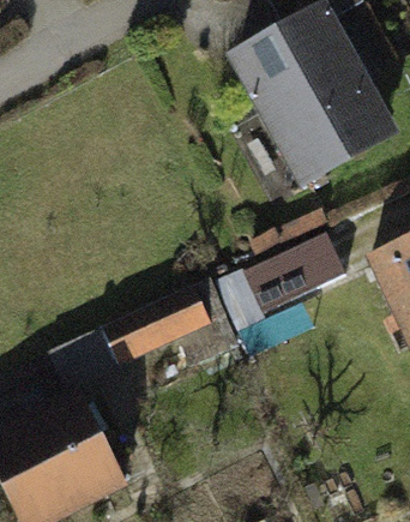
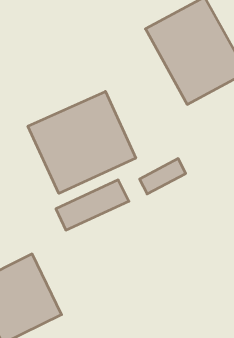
building: none -> [28,91,136,193]

